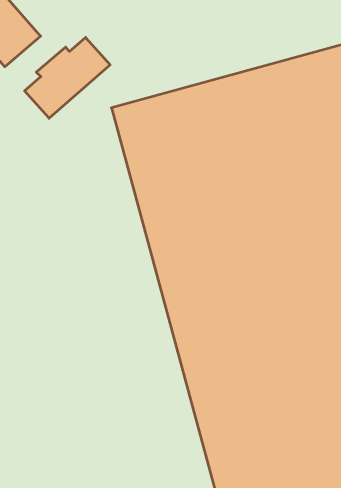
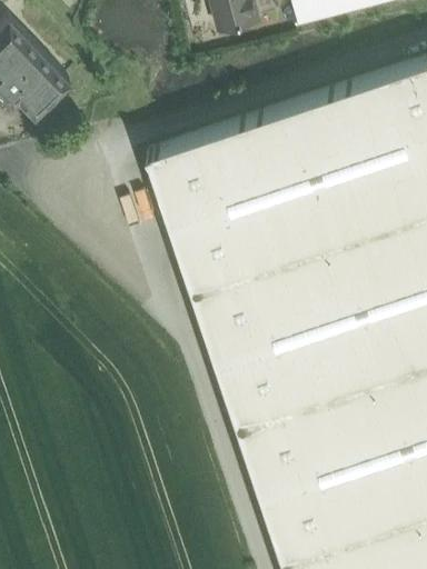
building: [25,37,110,118] -> none

